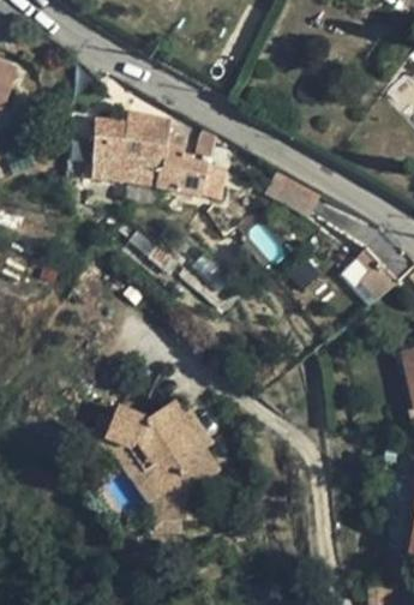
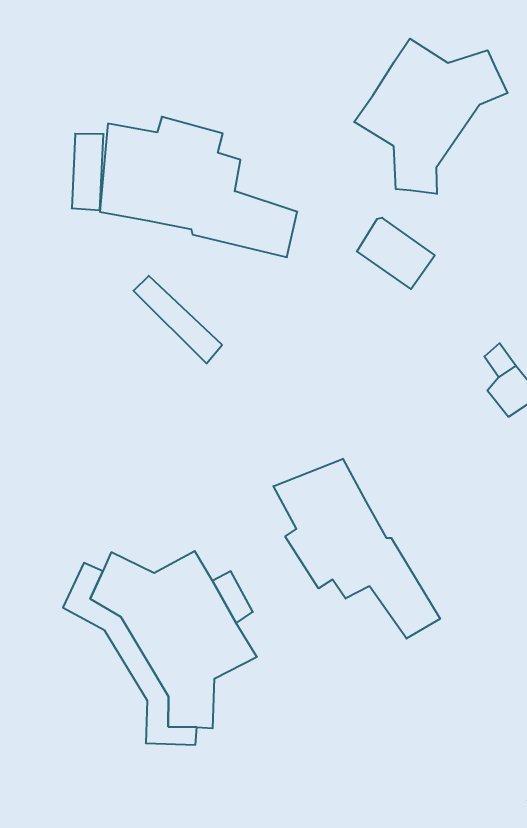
building: none -> [354,39,508,194]
building: none -> [273,459,440,639]

